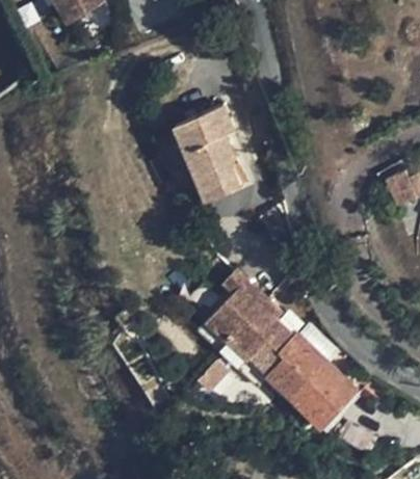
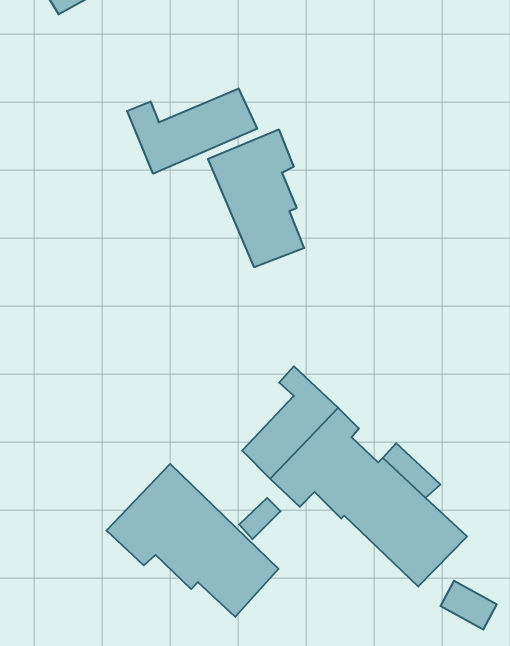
building: none -> [127,88,257,174]
building: none -> [106,464,278,617]

